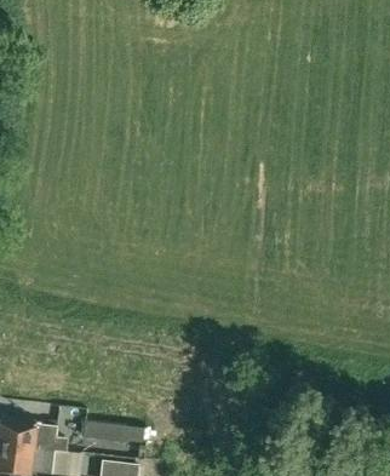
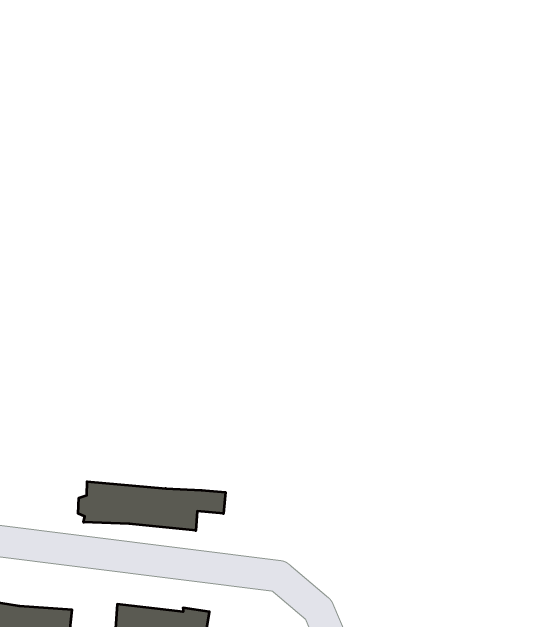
building: none -> [78,482,225,531]

